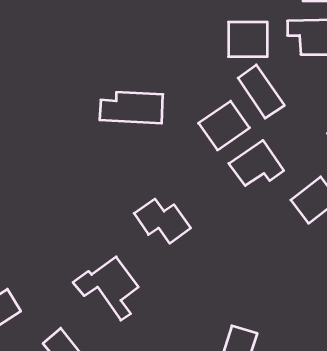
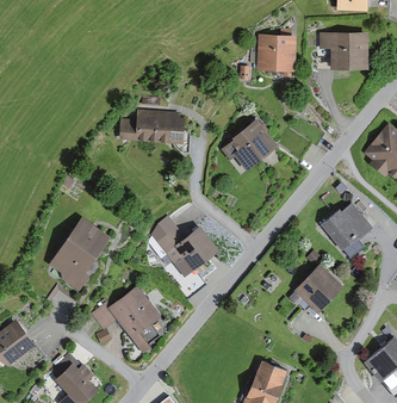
building: [238,65,284,118] -> none
building: [229,140,284,186] -> none
building: none -> [48,216,112,290]
building: none -> [297,262,347,312]

